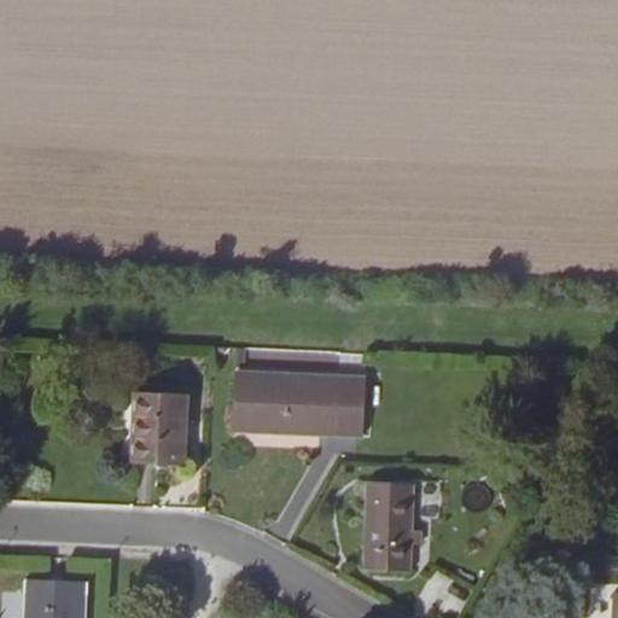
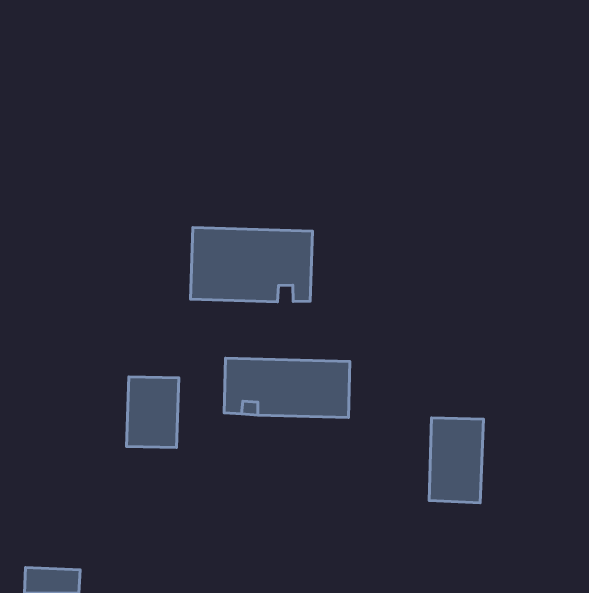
building: none -> [190,228,312,302]
building: [363,482,420,570] -> [429,418,484,503]

